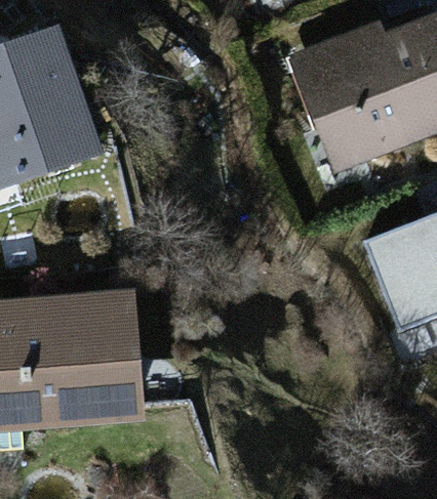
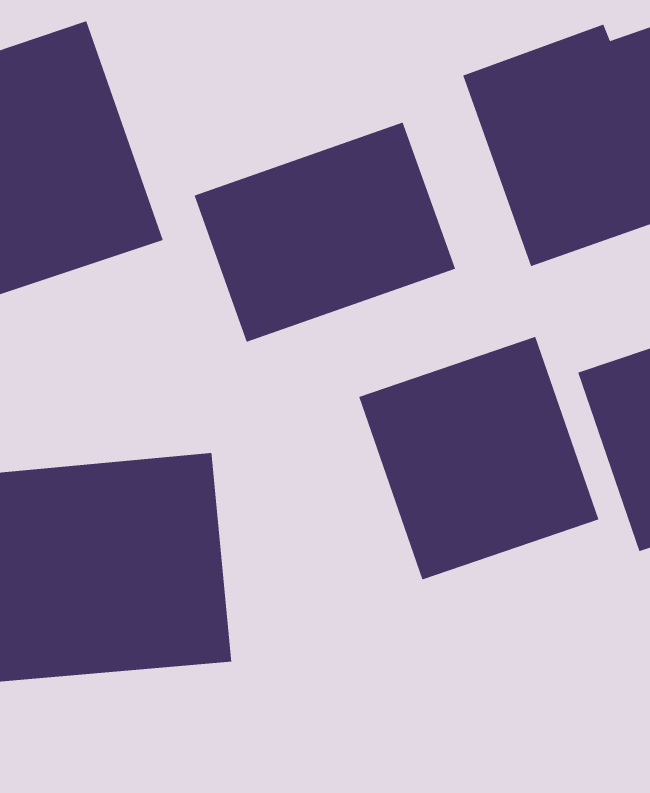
building: none -> [193,121,456,343]
building: none -> [358,336,600,581]

